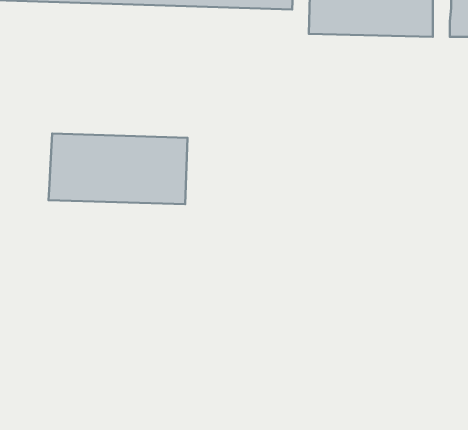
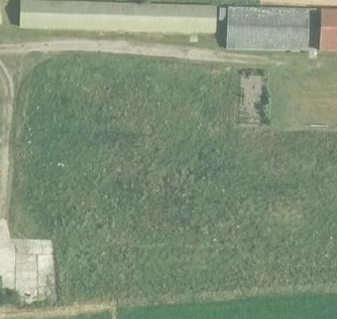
building: [48,134,187,204] -> none

